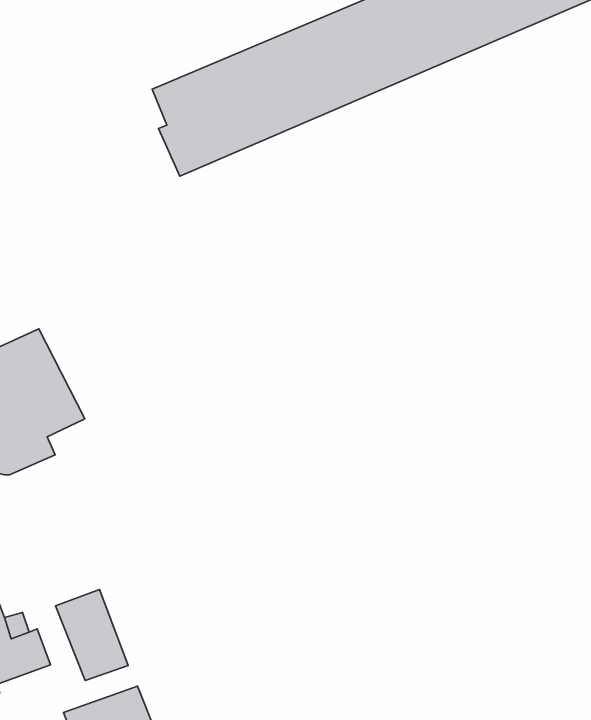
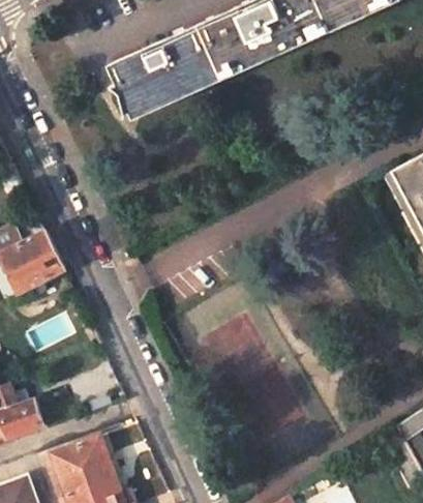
building: [55,589,128,681] -> none

